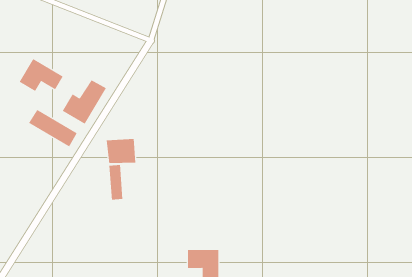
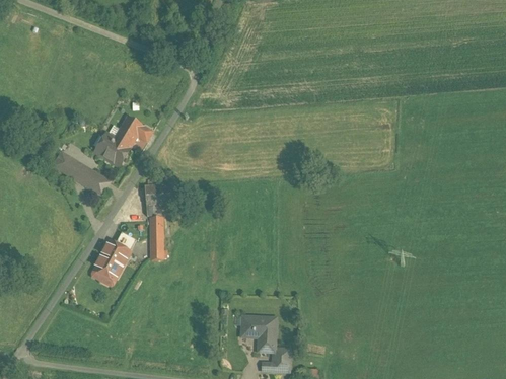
building: [19,58,63,92] -> none
building: none -> [89,238,132,287]

